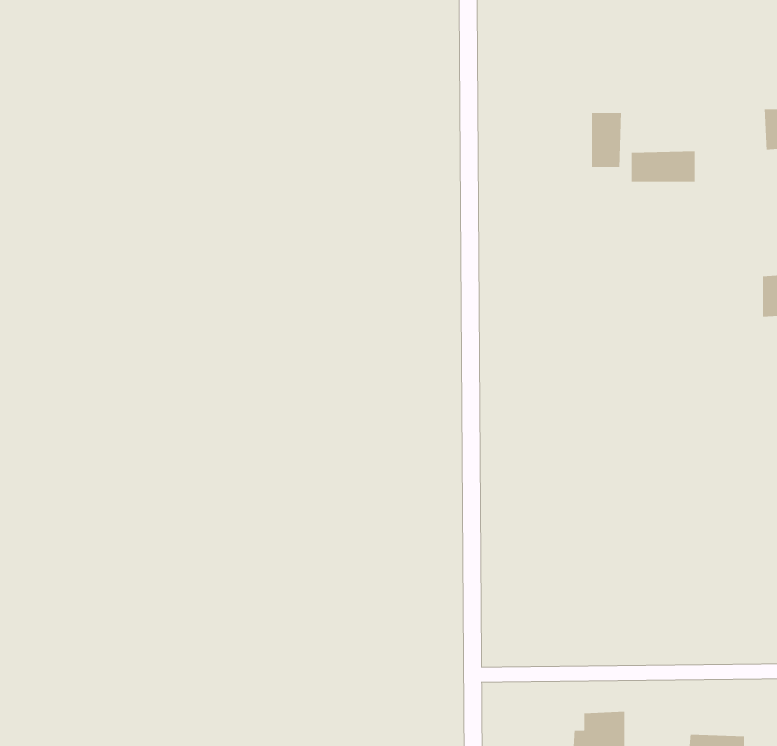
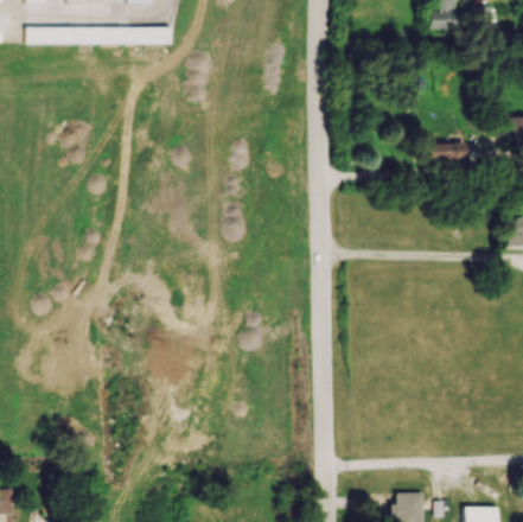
building: [591,112,622,168] -> none

